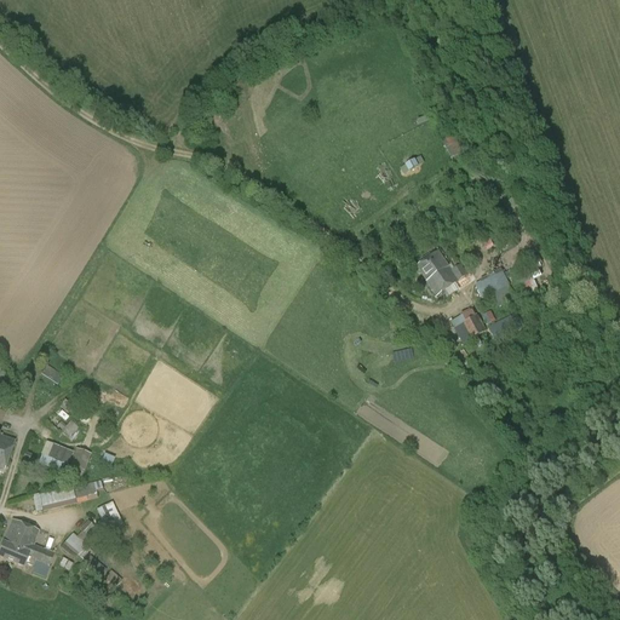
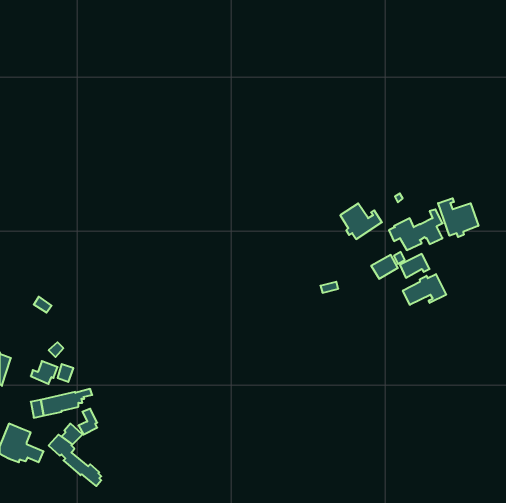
building: none -> [438,198,478,237]
building: none -> [403,274,446,305]

